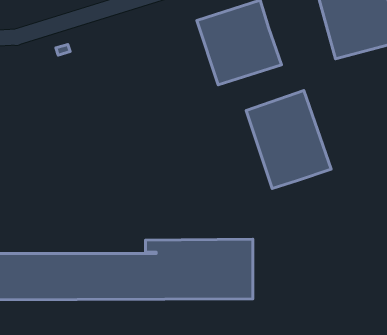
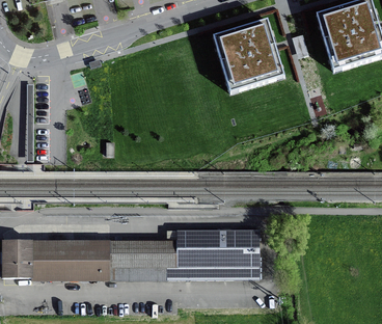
building: [246,91,331,189] -> none

